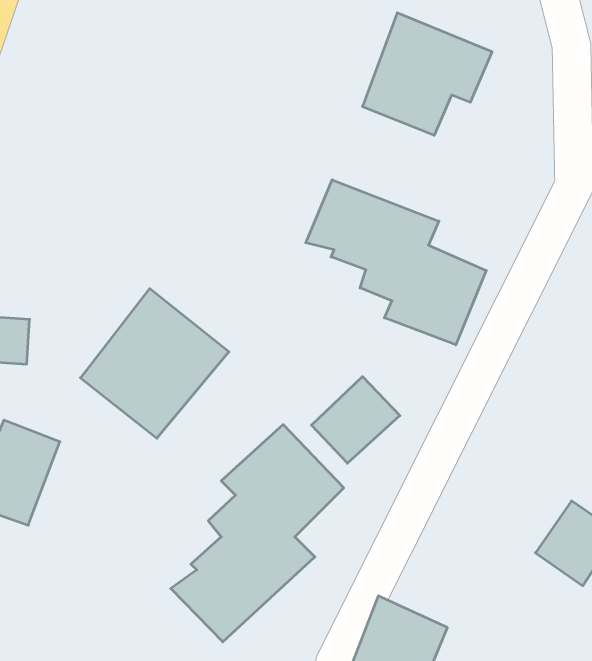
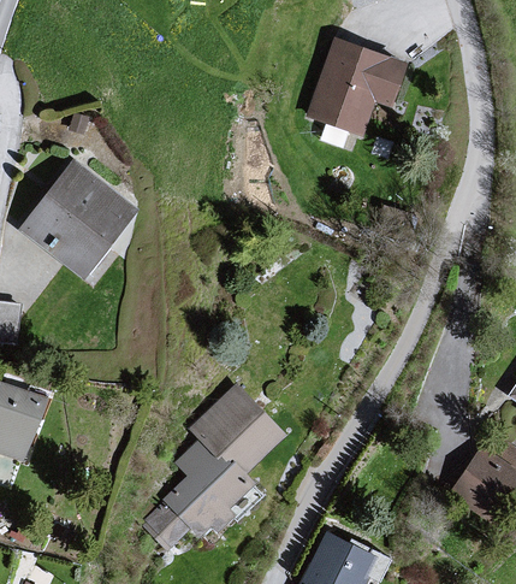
building: [306,180,486,345] -> none
building: [80,289,229,438] -> [12,155,136,281]
building: [311,377,400,463] -> none

